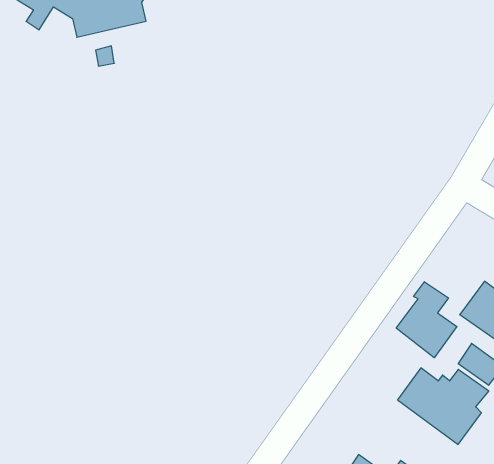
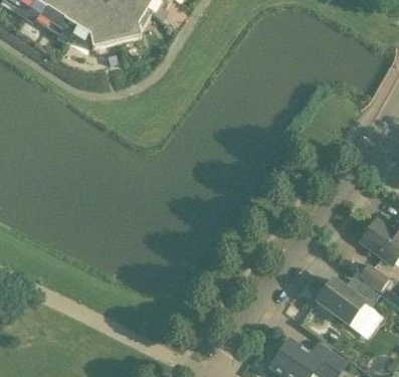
building: [396,282,457,358] -> none

